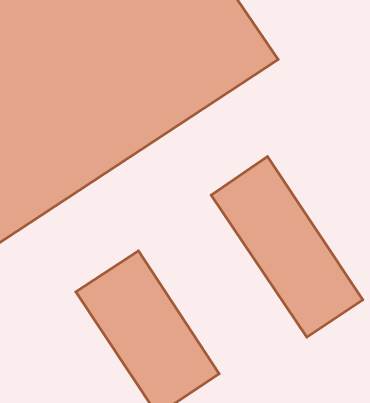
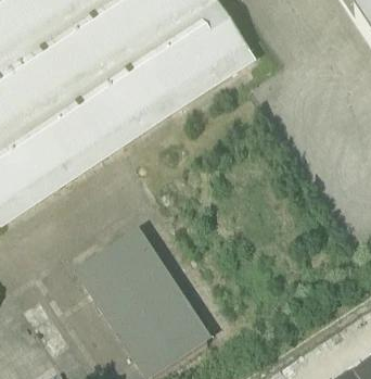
building: [211,157,363,337] -> none

